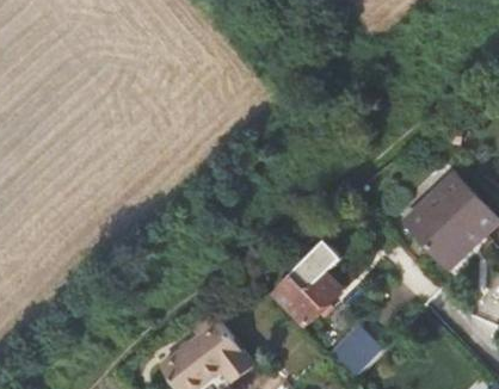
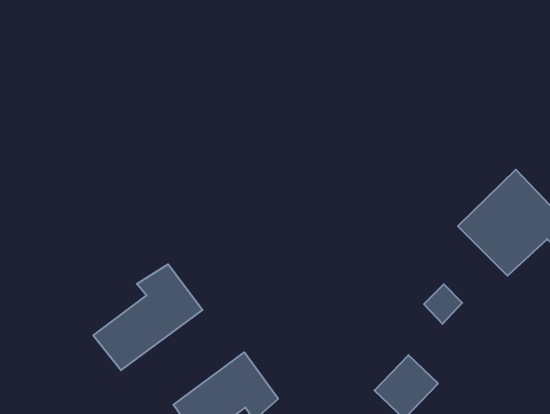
building: [276,241,345,325] -> none
building: none -> [93,264,203,370]

